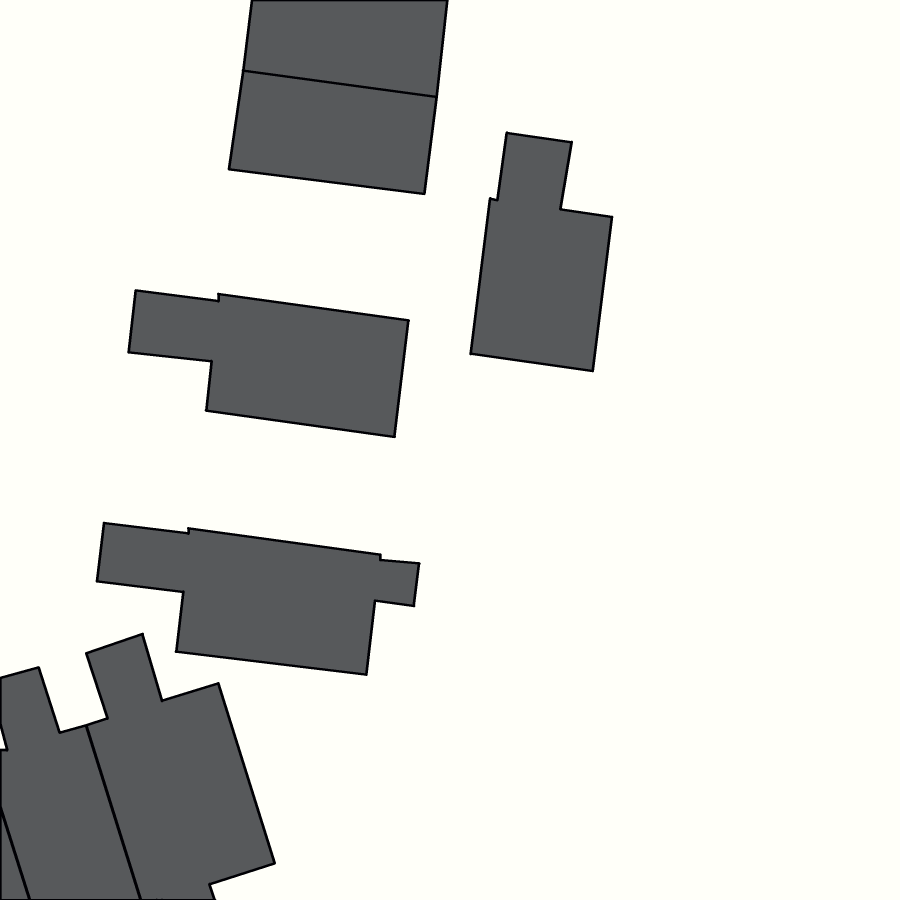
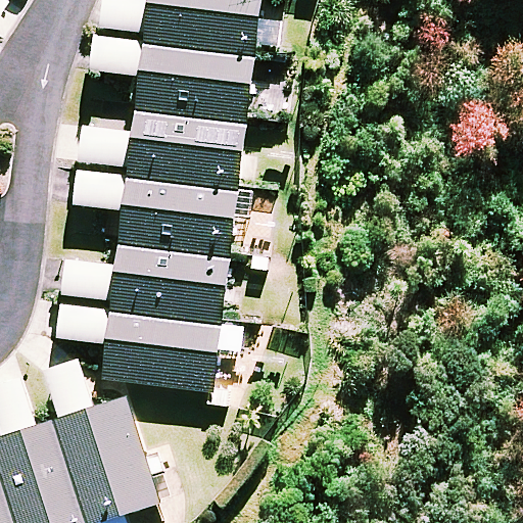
building: [471,133,612,371] -> none
building: none -> [80,98,246,186]
building: none -> [61,238,229,322]

